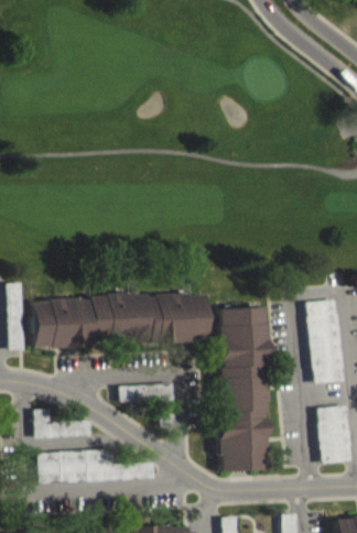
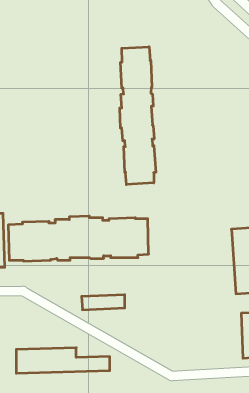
building: none -> [120,47,156,185]
building: [218,307,269,469] -> none
building: [36,414,95,442] -> none

